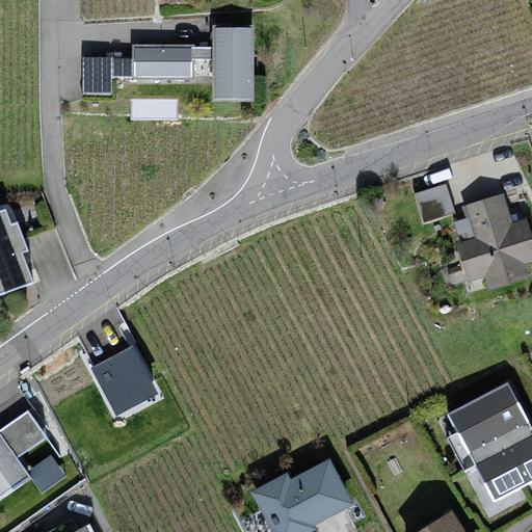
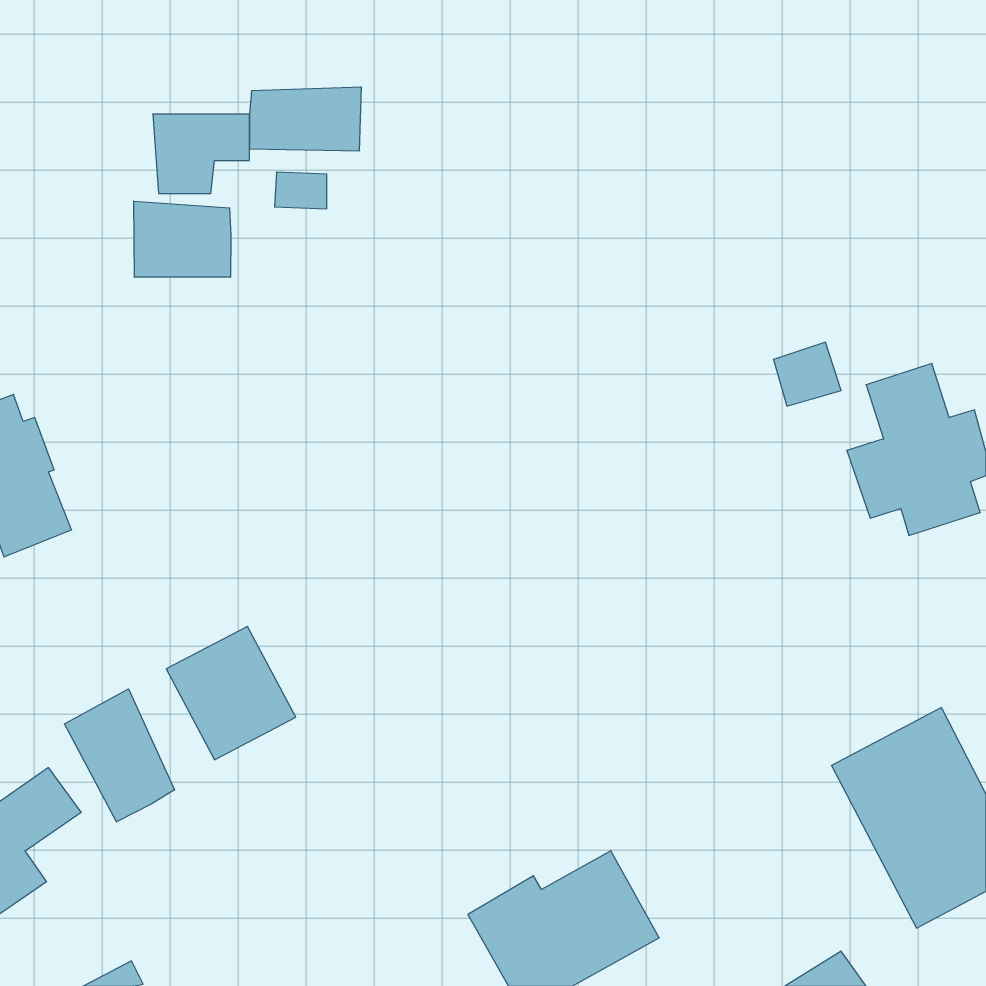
building: [214,27,256,105] -> none
building: none -> [134,201,231,277]
building: none -> [64,689,175,822]

